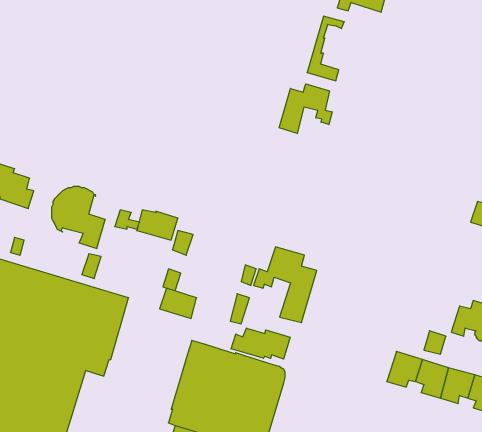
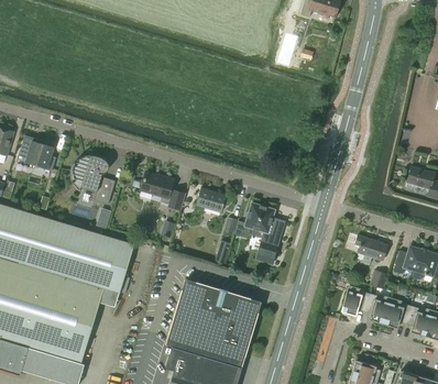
building: [279,84,332,134] -> none
building: none -> [354,235,386,265]
building: [160,288,197,318] -> [195,188,225,212]
building: [231,328,290,359] -> none

